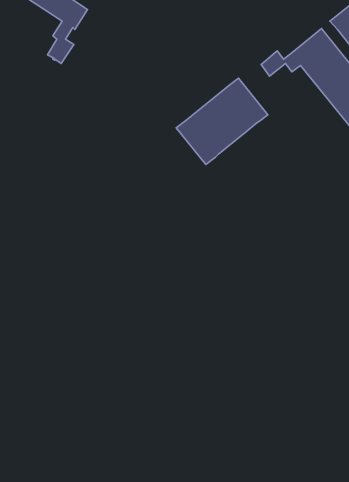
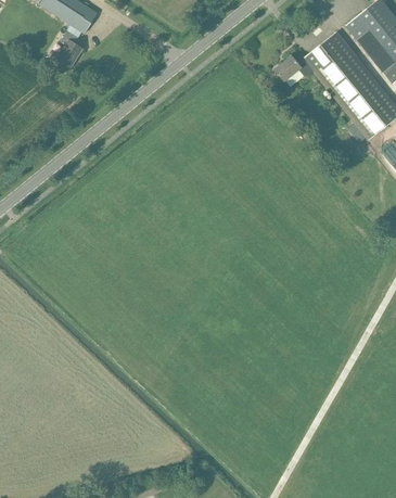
building: [176,78,268,164] -> none

